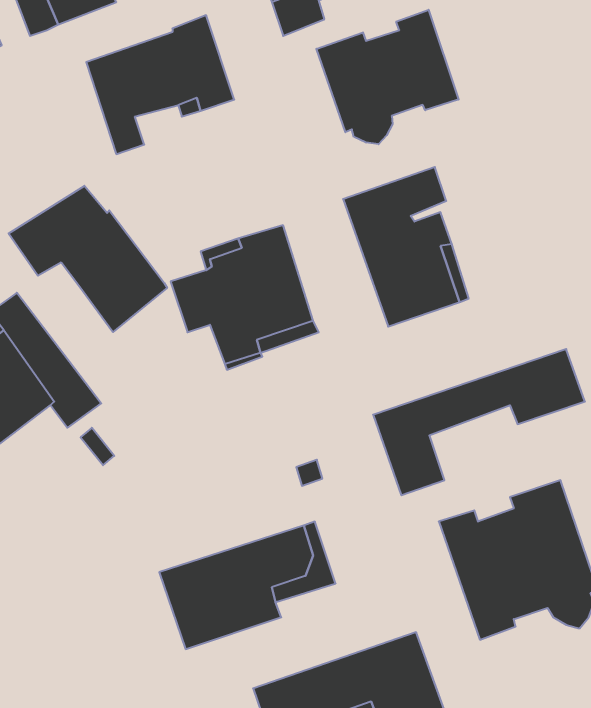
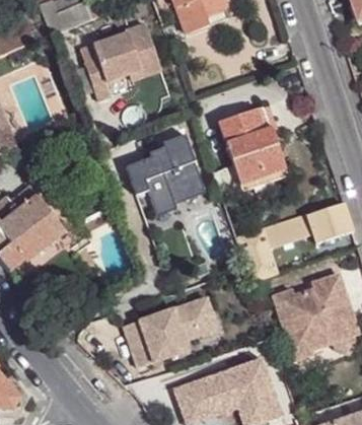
building: [316,10,459,144] -> none
building: [9,186,167,332] -> none

